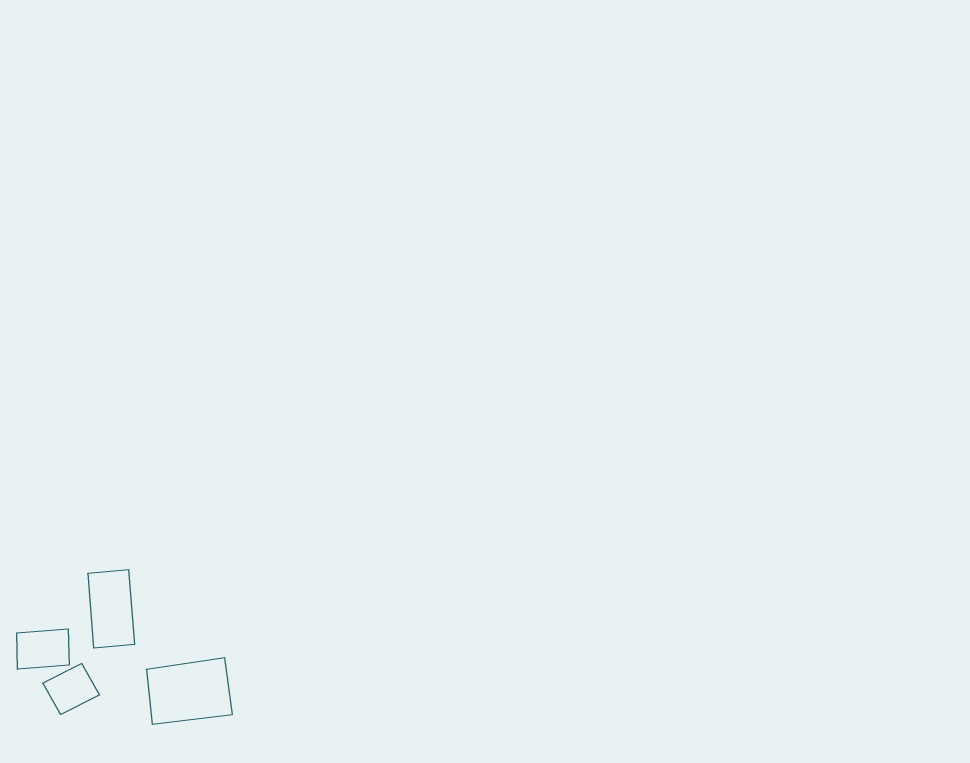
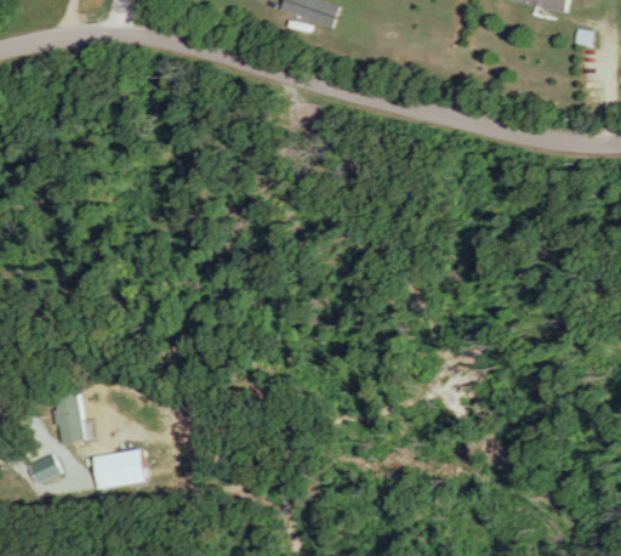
building: [17,629,69,669] -> none

